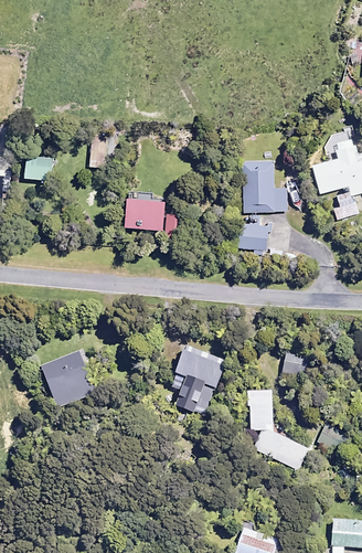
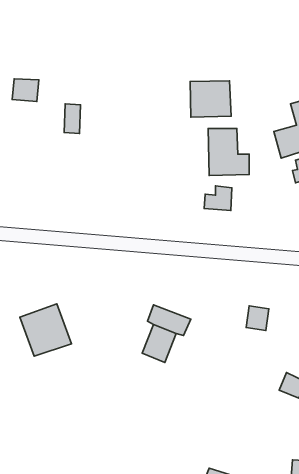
building: none -> [190,81,231,117]
building: [25,155,54,179] -> [12,79,39,101]
building: [126,198,182,243] -> none
building: [248,390,309,470] -> none

